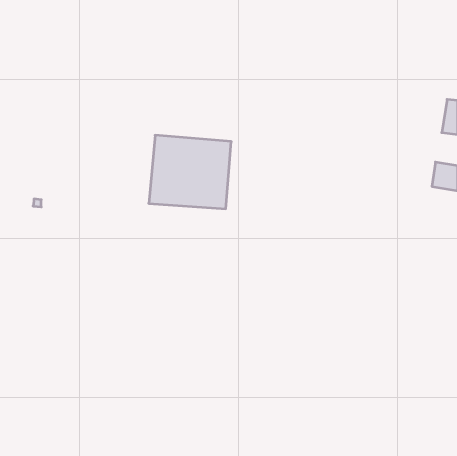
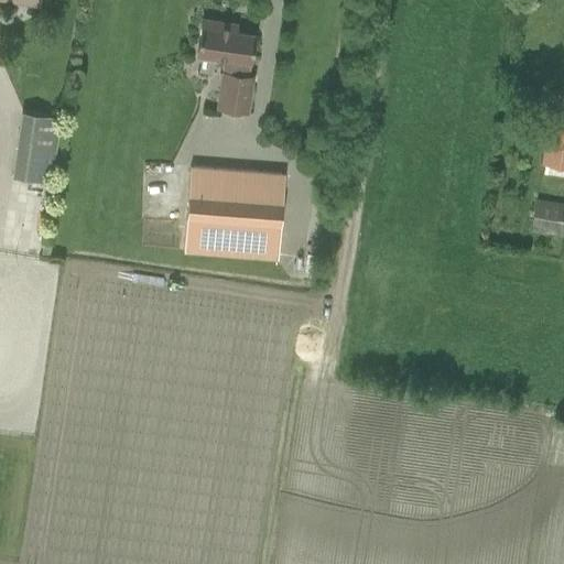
building: none -> [199,19,254,113]
building: none -> [12,113,62,184]

